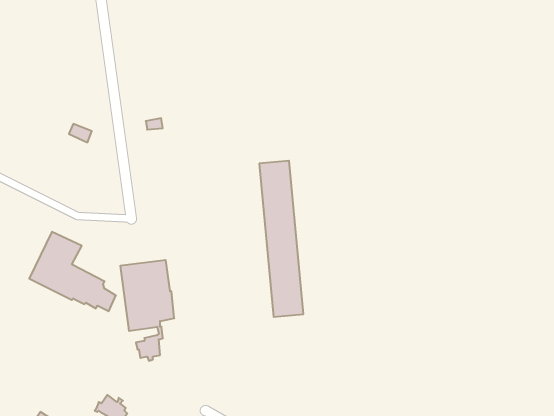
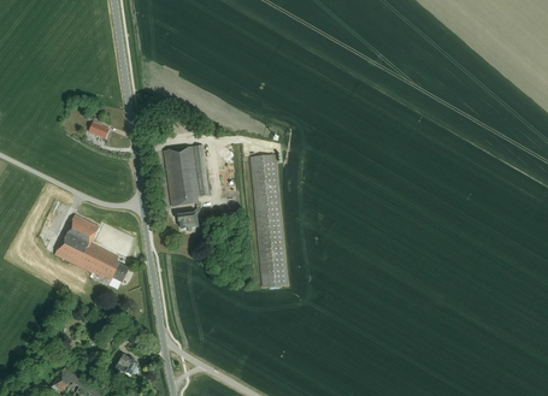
building: [120,260,174,361] -> [163,146,208,231]

